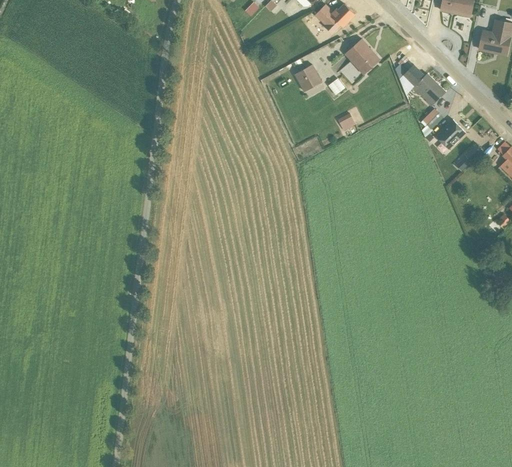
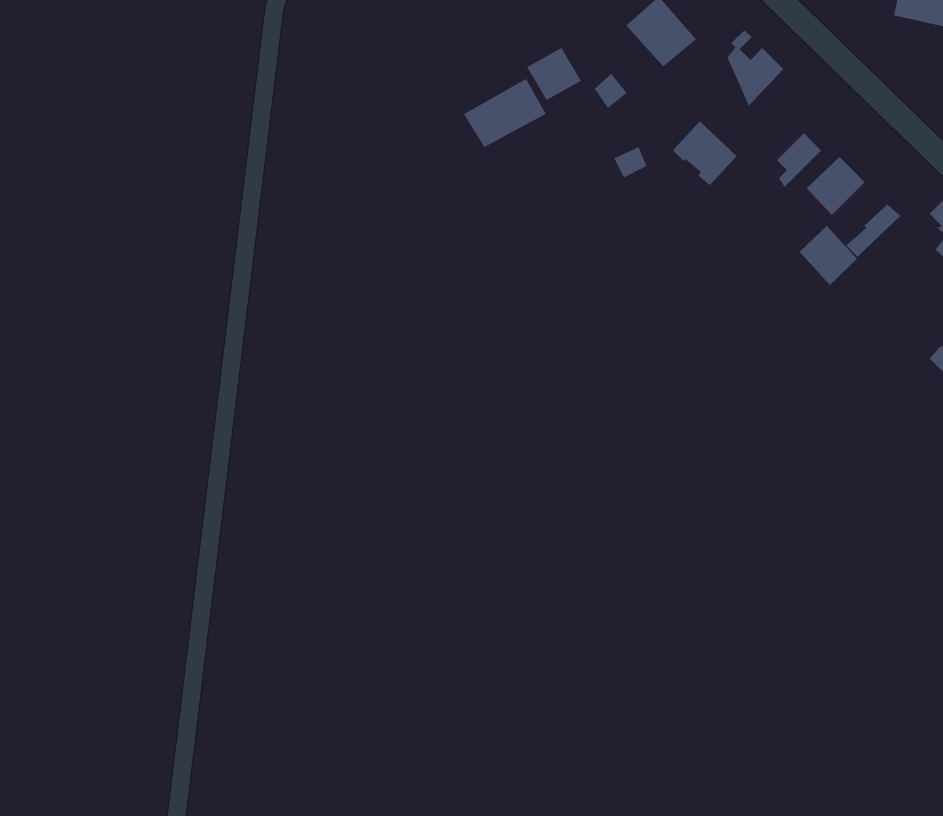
building: [412,73,445,106] -> [672,120,738,186]
building: none -> [463,78,546,148]
building: none -> [799,225,858,286]

